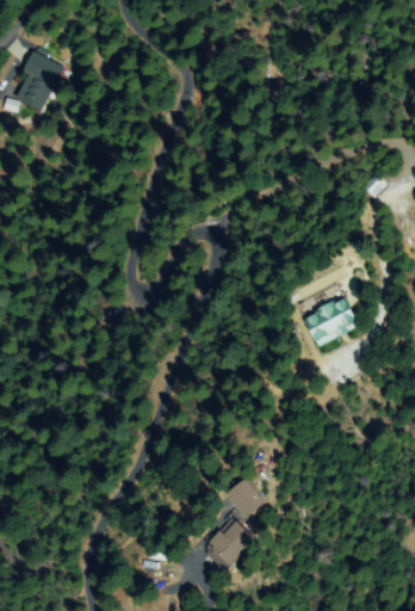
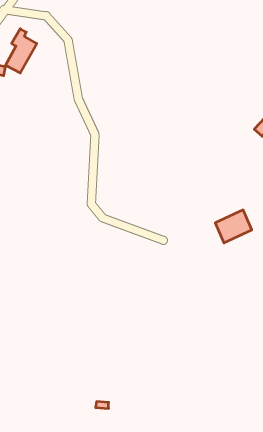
building: [229,482,261,516] -> none
building: [208,521,252,566] -> none

